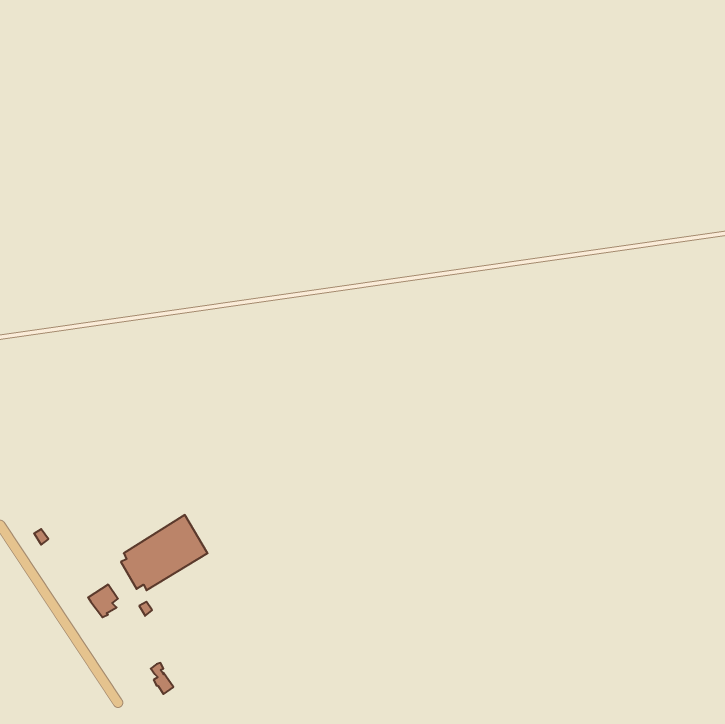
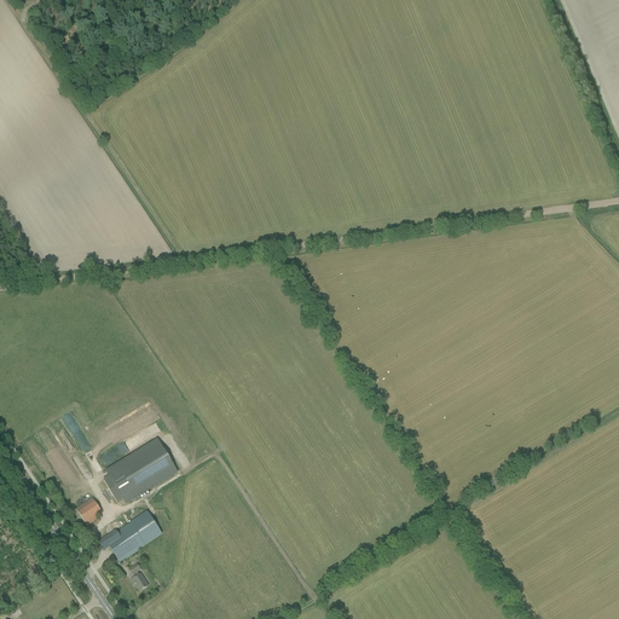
building: none -> [96,510,162,560]

